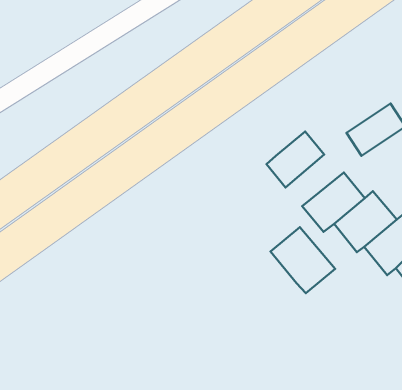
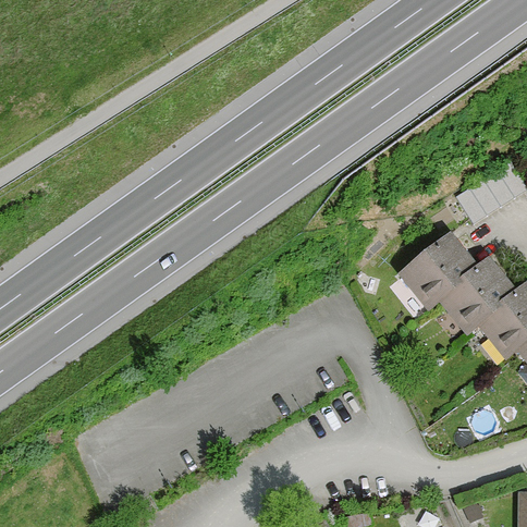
building: [266,131,324,187] -> none
building: [270,227,335,293] -> none

